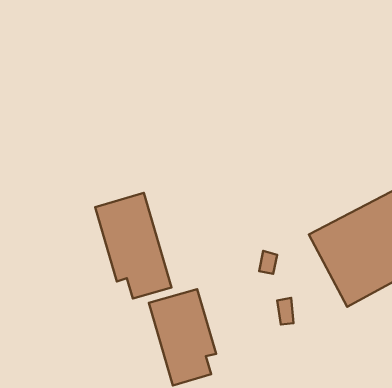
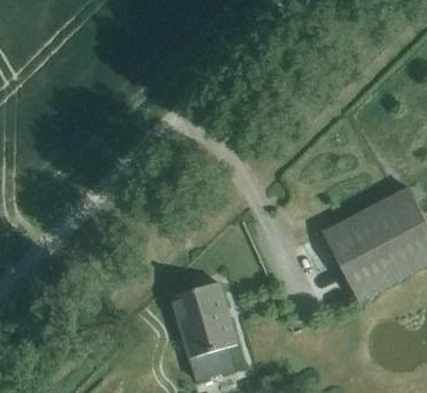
building: [95,193,172,299] -> none

